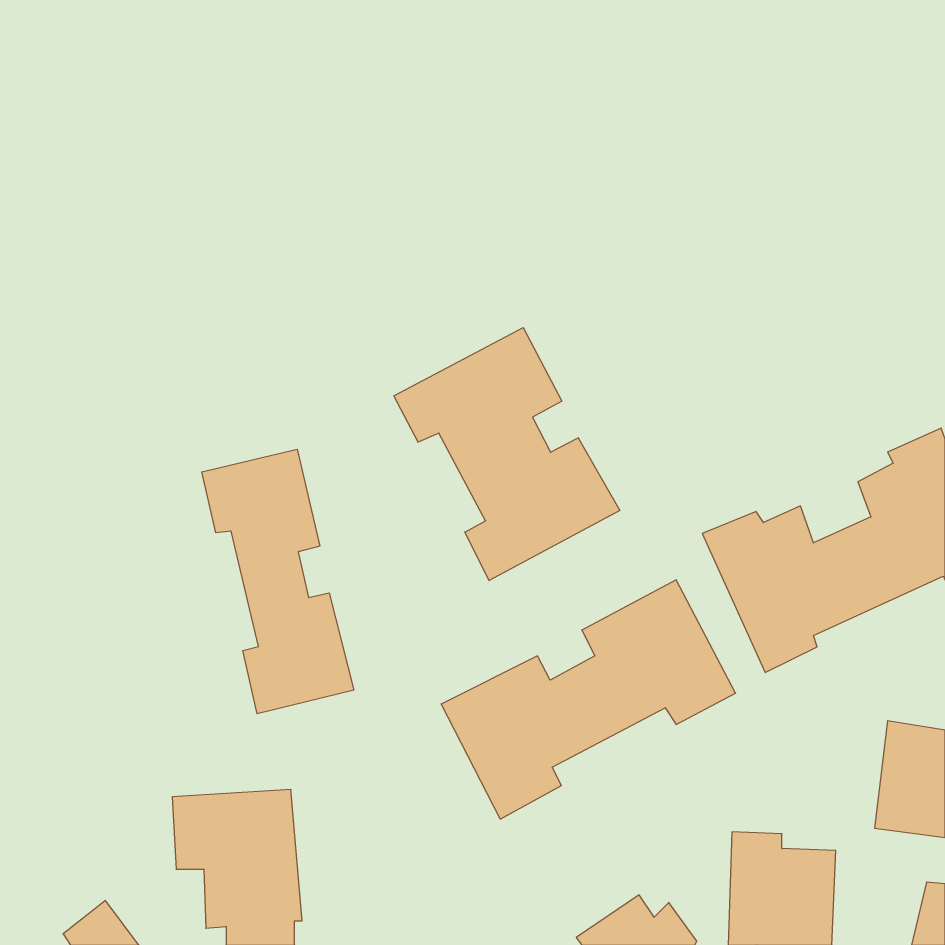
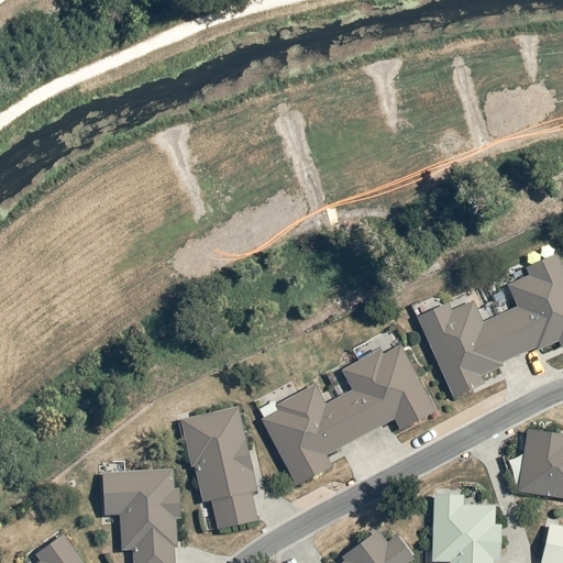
building: [394,328,620,581] -> none
building: [202,449,354,714] -> none
building: none -> [185,406,258,530]

